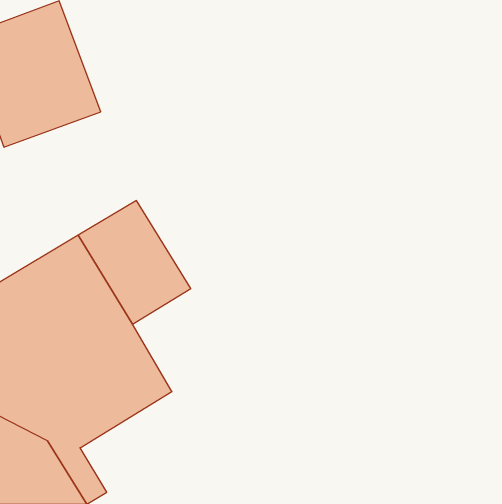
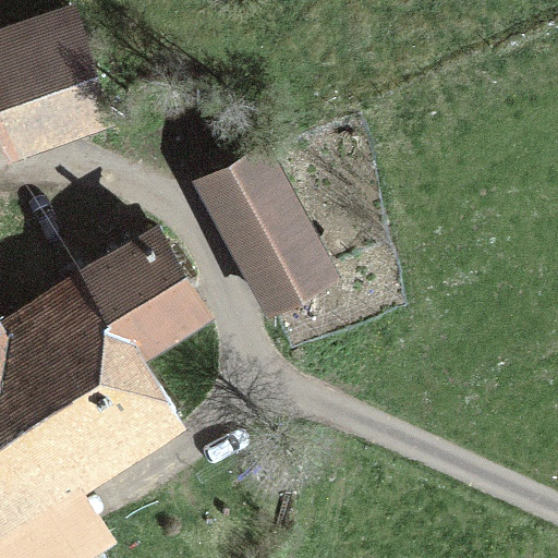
building: none -> [193,144,339,316]

